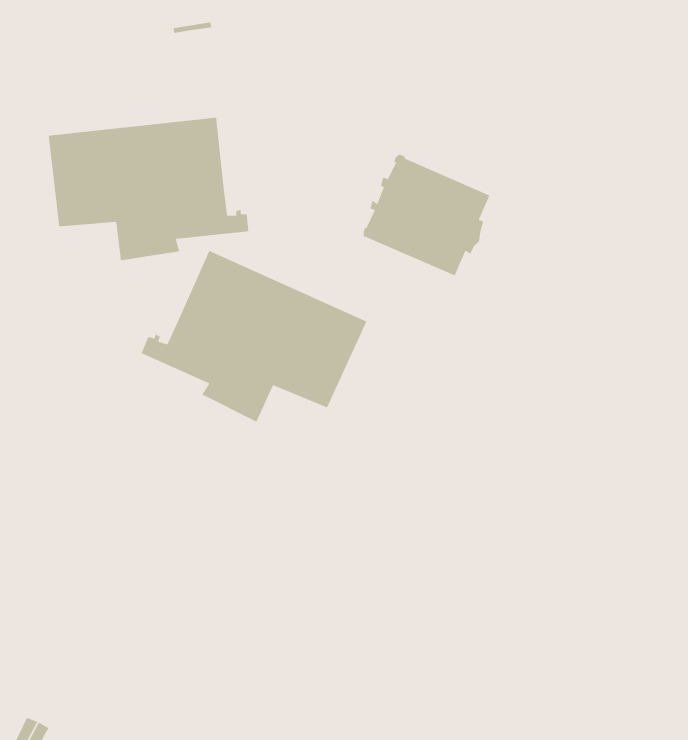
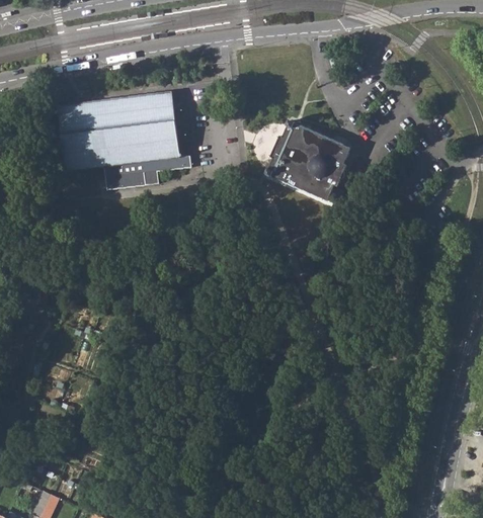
building: [140,250,367,423] -> none

